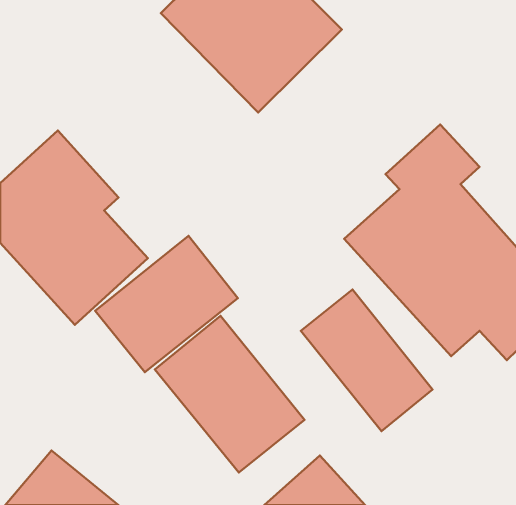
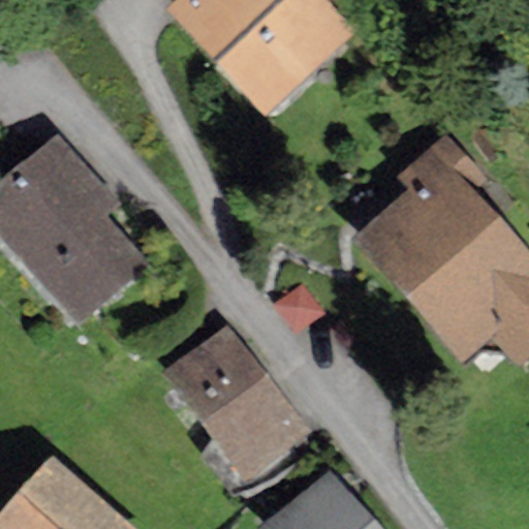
building: [95,236,238,372] -> none
building: [301,289,433,431] -> none

